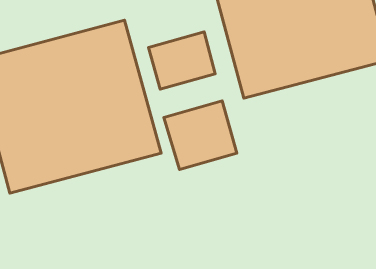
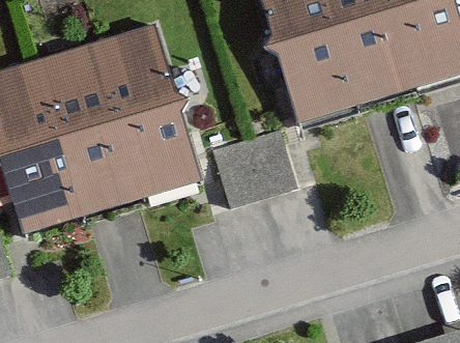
building: [148,32,215,89] -> none

